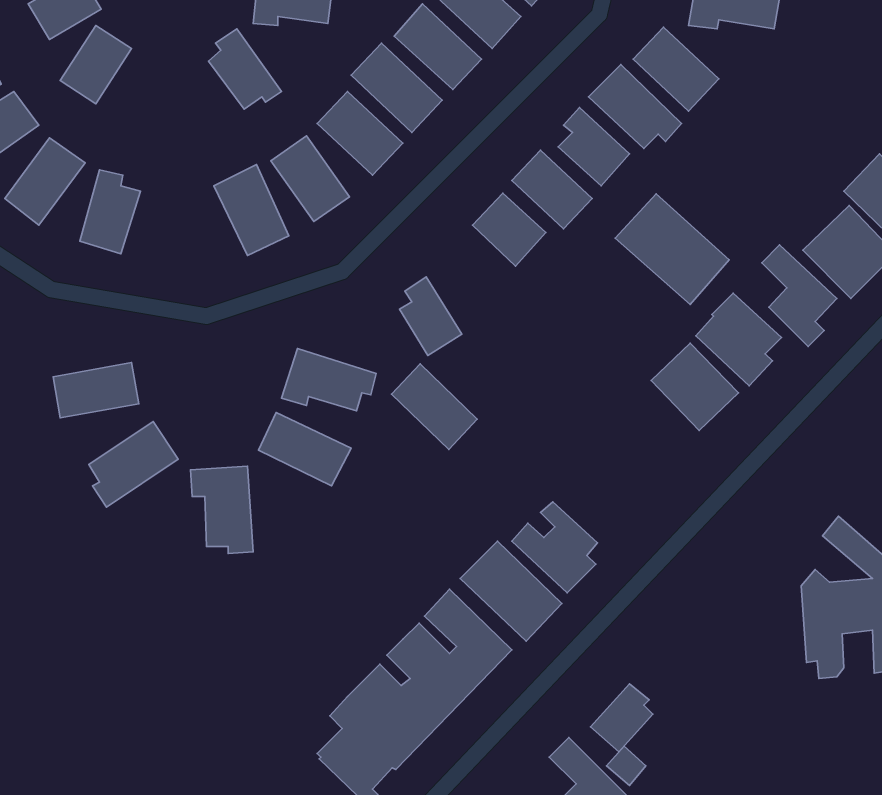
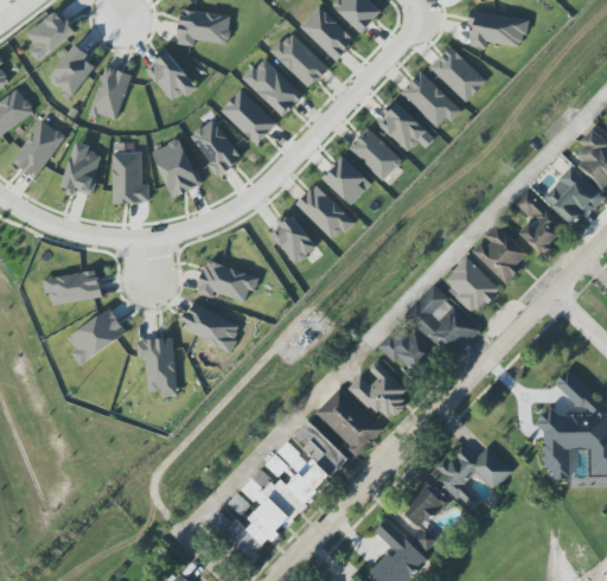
building: none -> [90,65,130,120]
building: none -> [111,152,149,203]
building: [615,194,729,304] -> [404,285,480,358]
building: [392,364,477,450] -> [296,184,353,241]
building: none -> [376,328,434,374]
building: none -> [435,443,511,511]

